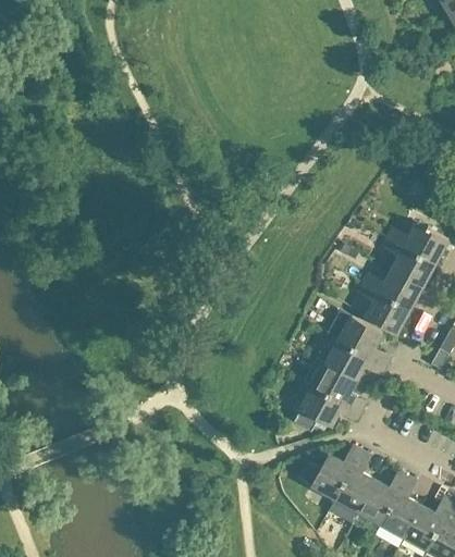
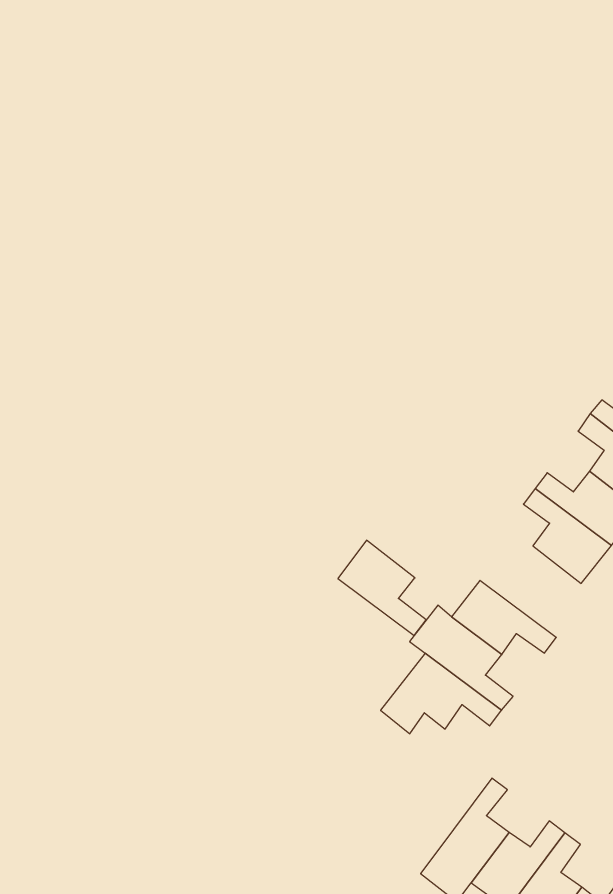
building: [339,315,392,366] -> [338,540,426,635]
building: [299,445,361,498] -> none

